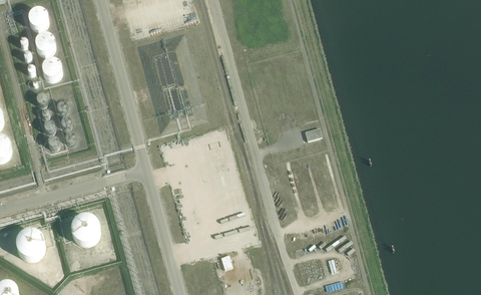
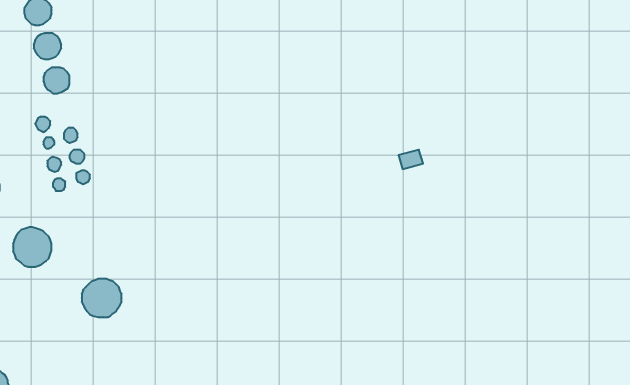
building: [16,230,44,259] -> [13,227,51,267]

